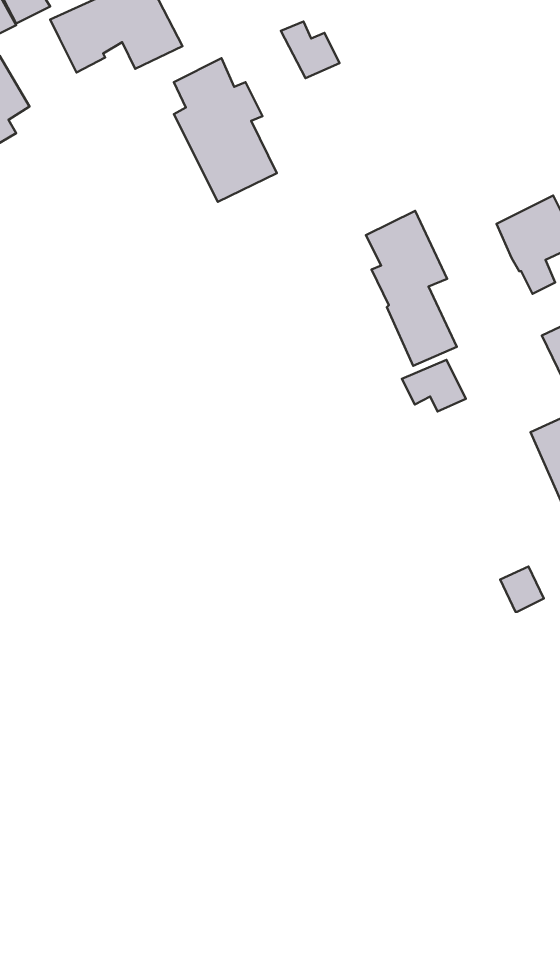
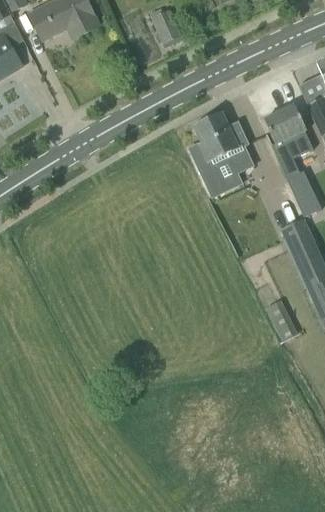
building: [174,58,277,202] -> none
building: [402,360,466,411] -> none

